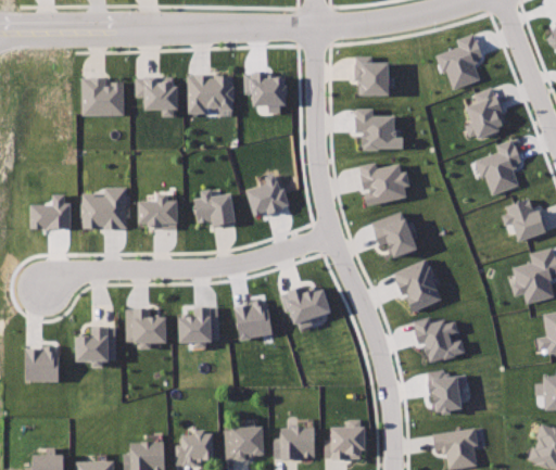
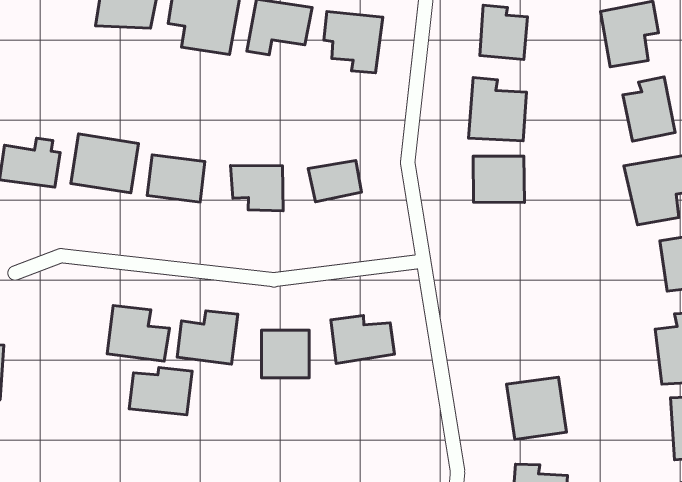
building: [372,211,418,263] -> none
building: [395,259,445,313] -> none
building: [73,327,115,360] -> [129,367,192,415]

